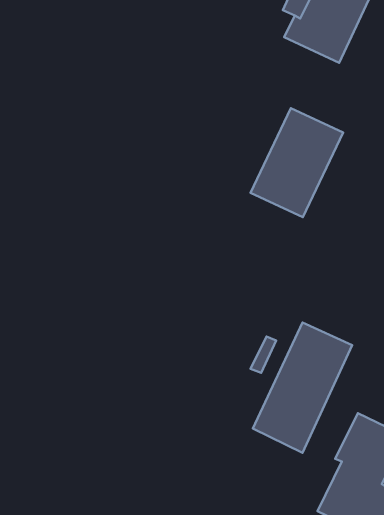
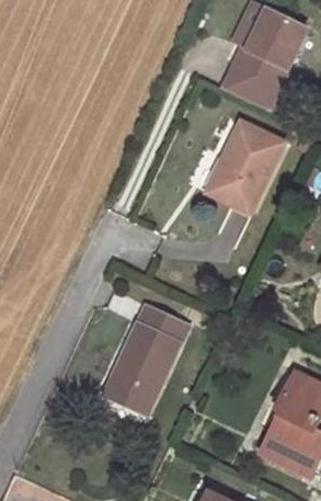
building: none -> [222,65,278,110]
building: [253,322,352,453] -> [104,307,185,413]

